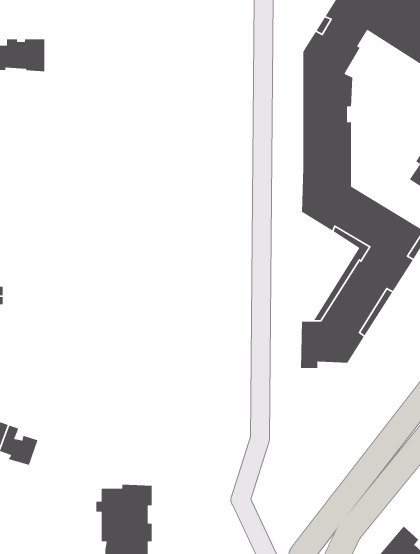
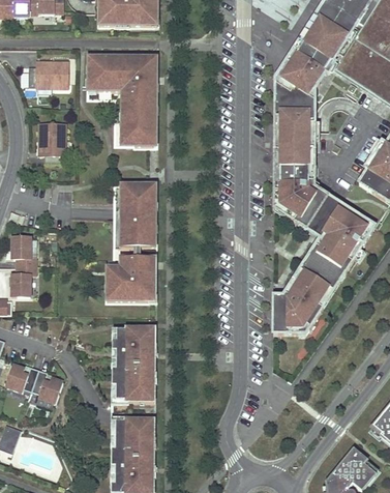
building: none -> [88,57,156,146]
building: none -> [39,123,66,163]
building: none -> [109,182,156,301]
building: none -> [109,328,155,401]

